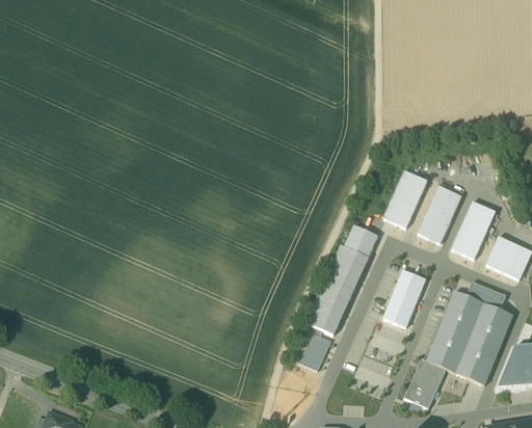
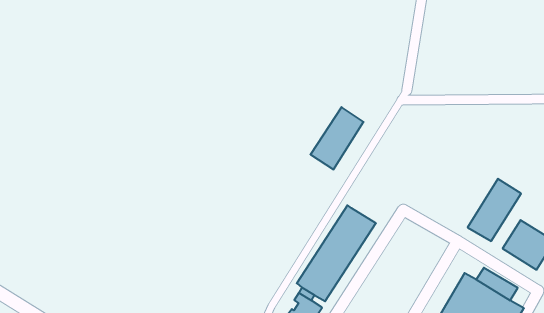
building: [382,171,426,229] -> [310,107,364,169]
building: [418,187,461,244] -> none
building: [344,225,377,259] -> none
building: [382,270,425,328] -> none

